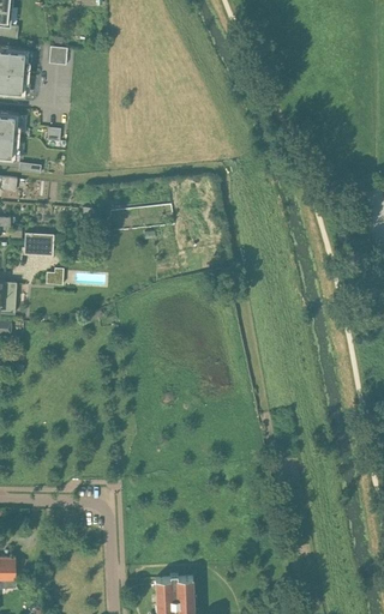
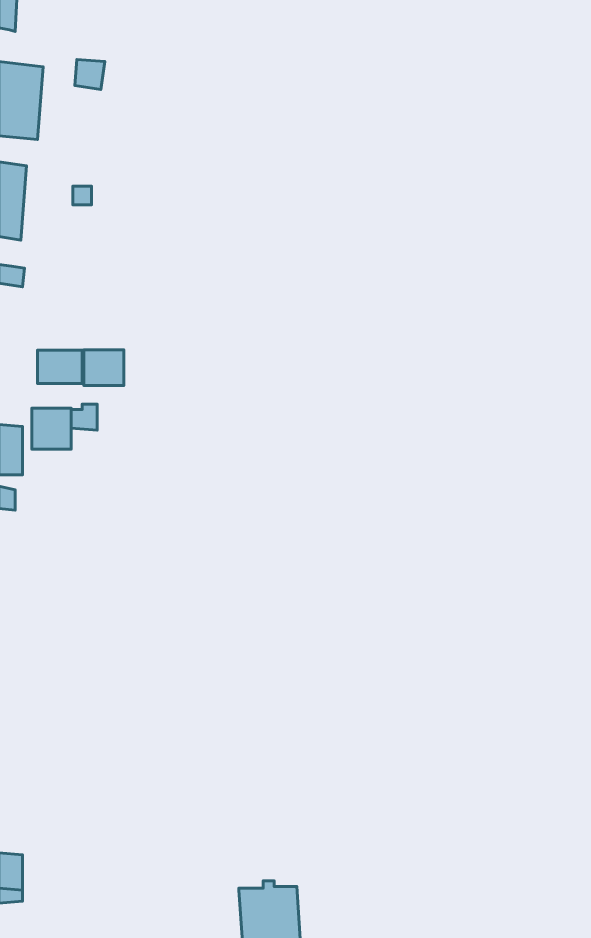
building: none -> [84,350,124,386]
building: none -> [32,408,71,449]

